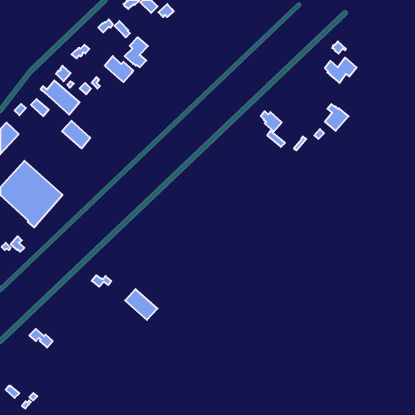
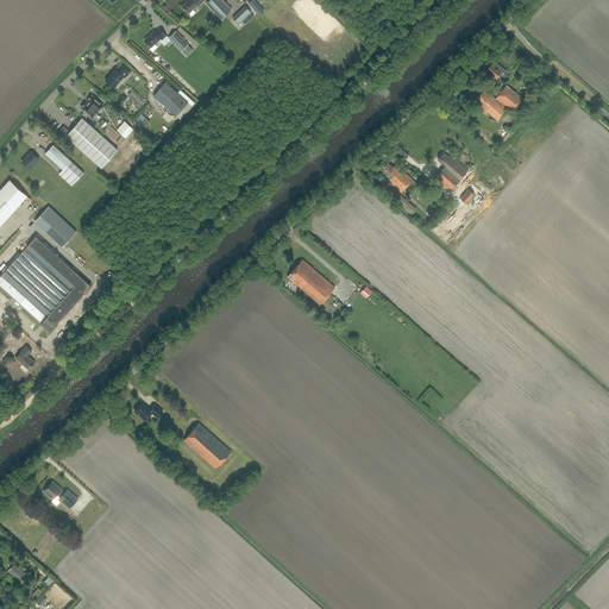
building: [125,37,148,67] -> none
building: [325,104,349,131] -> [434,152,469,192]
building: [62,121,90,148] -> [33,207,75,247]
building: none -> [288,259,334,304]

